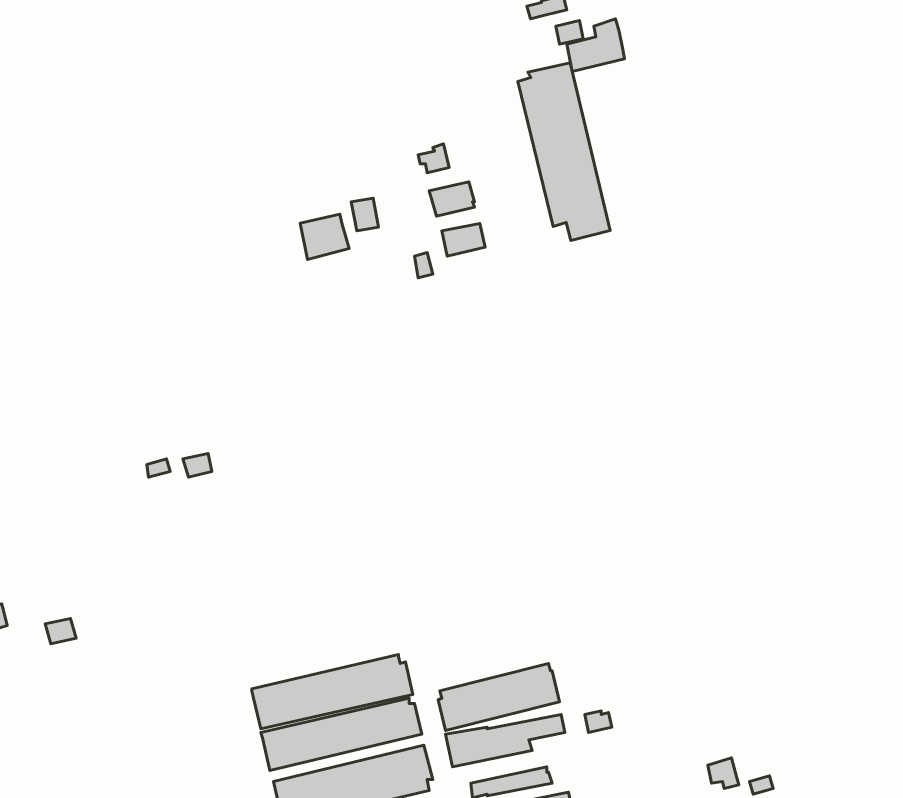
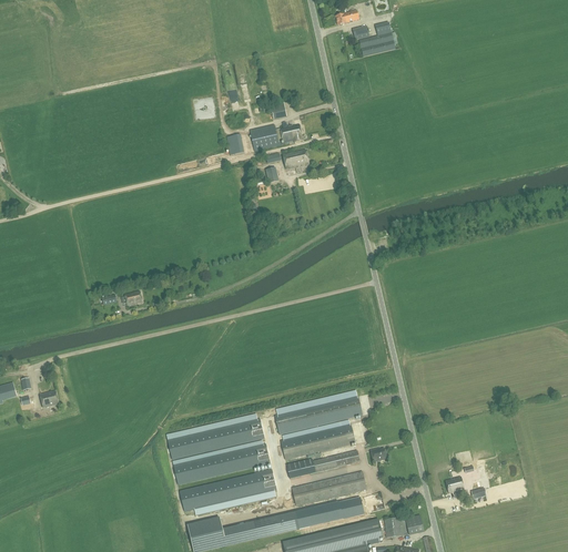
building: [518,63,610,241] -> none
building: [300,214,349,259] -> [248,124,278,152]
building: none -> [273,390,361,436]

